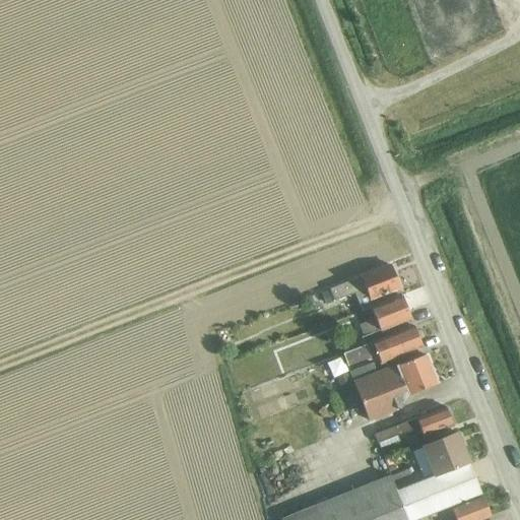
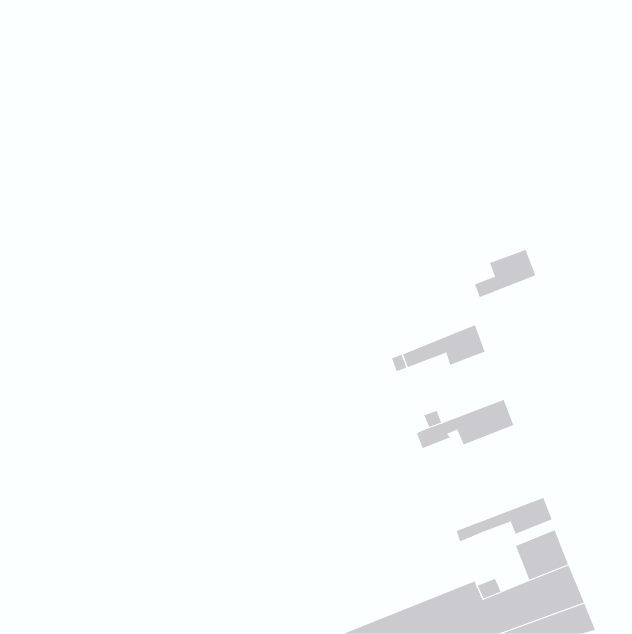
building: [360,296,410,335] -> [474,249,536,298]
building: [353,353,438,419] -> none

